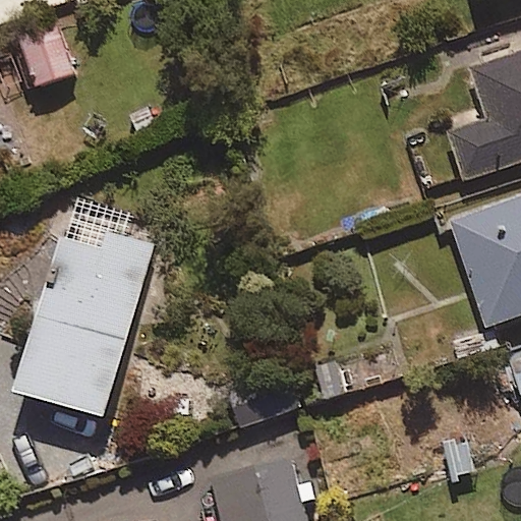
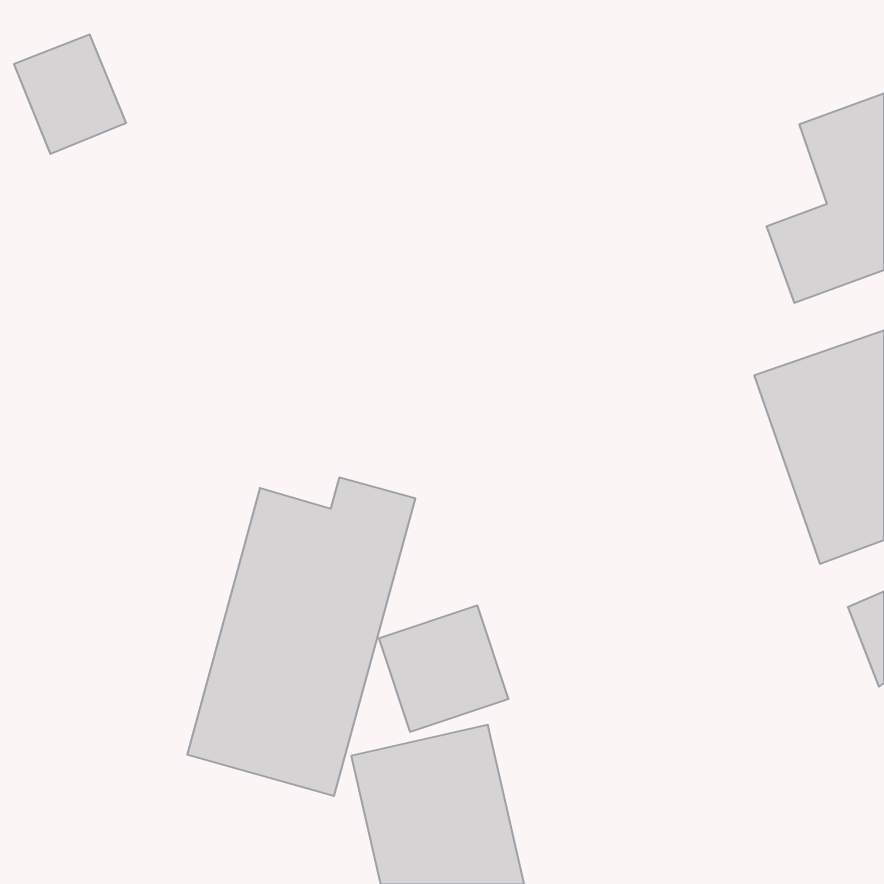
building: [18,230,153,417] -> [187,478,415,796]

